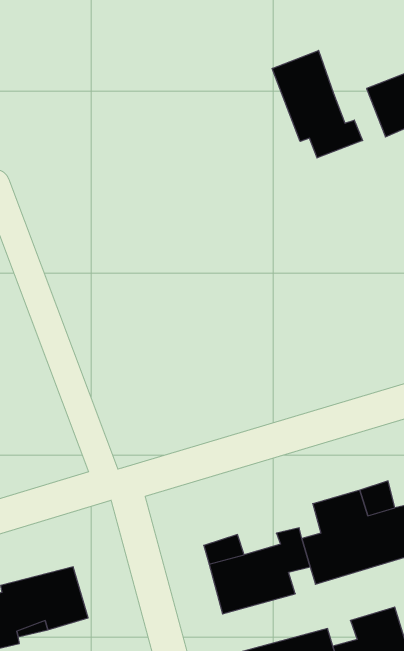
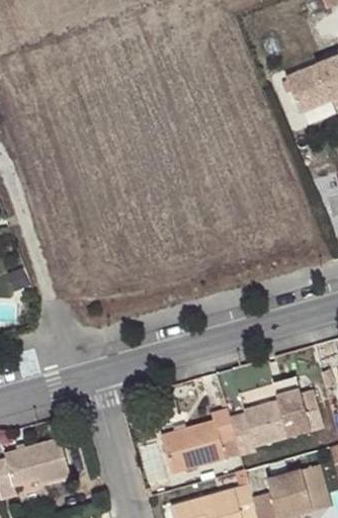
building: [272,50,363,158] -> none

